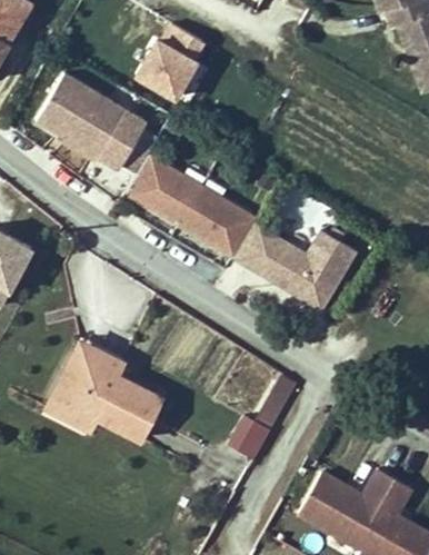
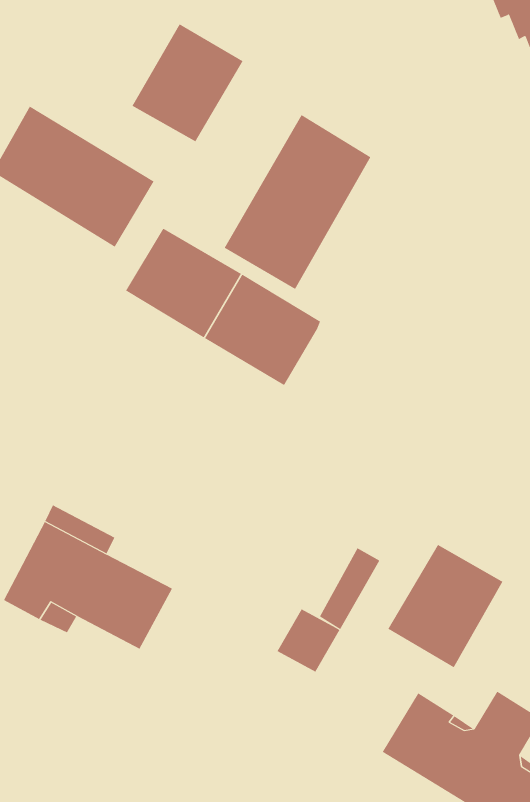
building: none -> [224,114,371,290]
building: [235,225,360,315] -> none
building: none -> [388,544,503,668]

